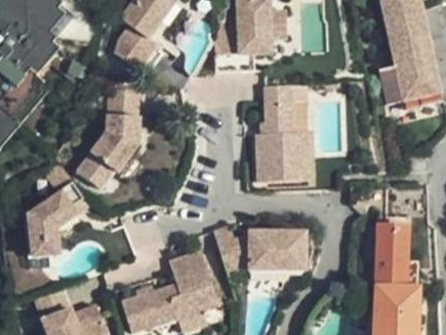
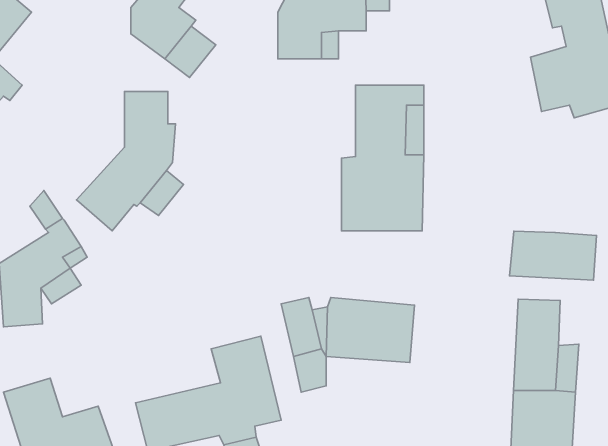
building: none -> [509,231,596,280]

